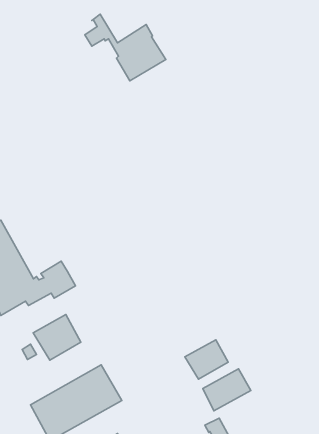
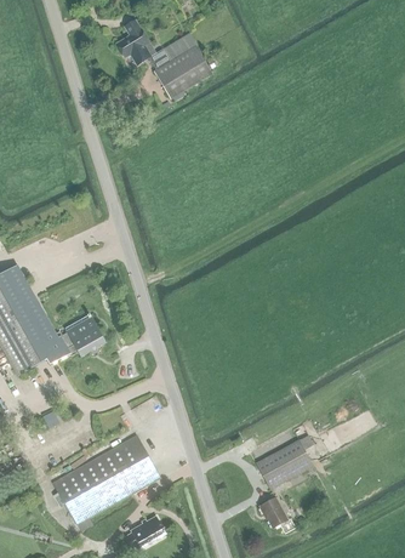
building: [33,315,81,360] -> none
building: [185,340,228,379] -> none

